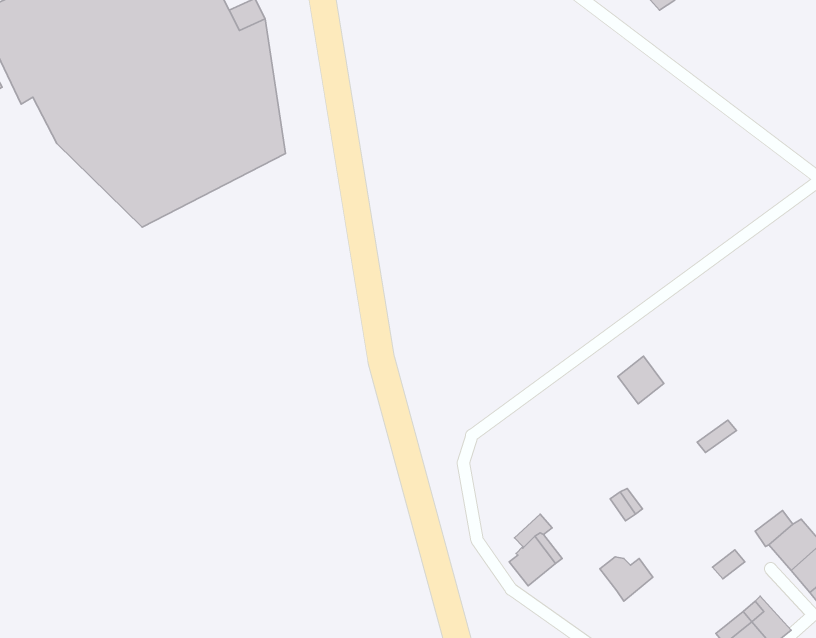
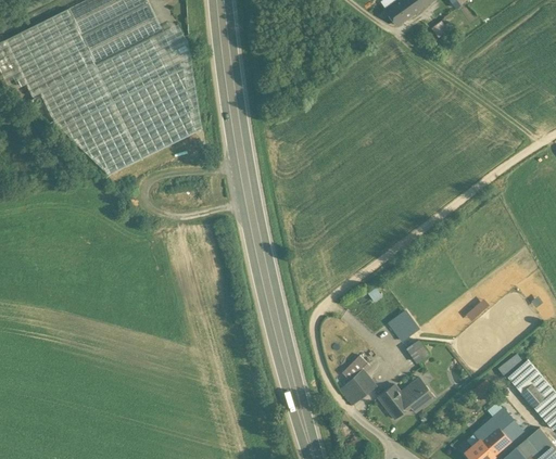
building: [618,356,664,404] -> [389,310,418,341]
building: none -> [378,384,412,418]

